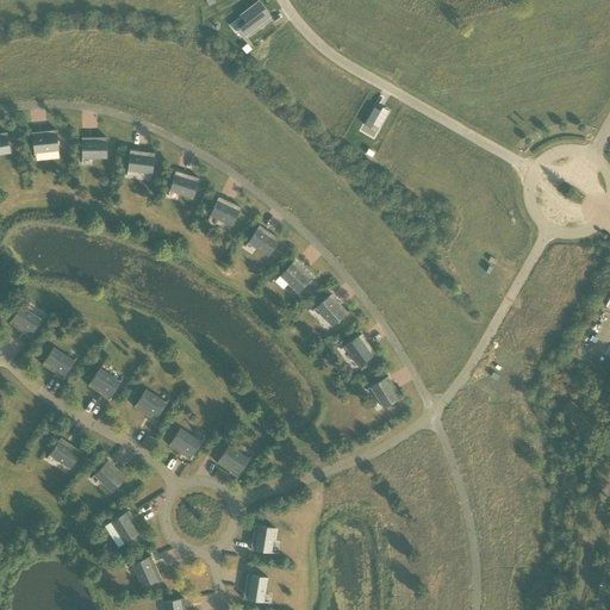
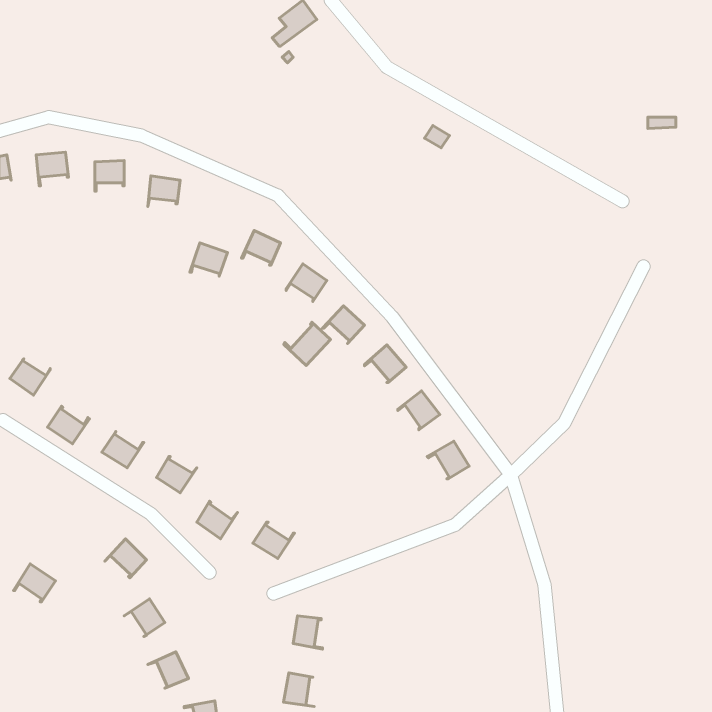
building: [167,172,199,200] -> [190,243,228,276]
building: none -> [284,322,330,366]
building: [45,438,81,471] -> [14,564,55,602]

